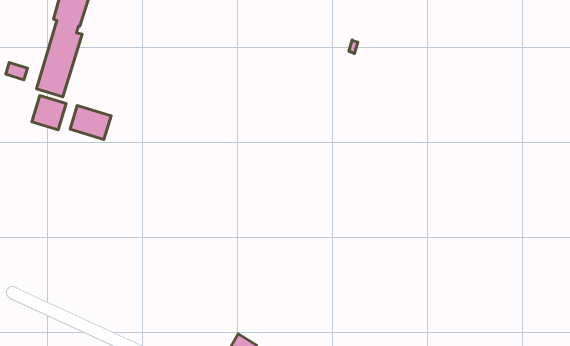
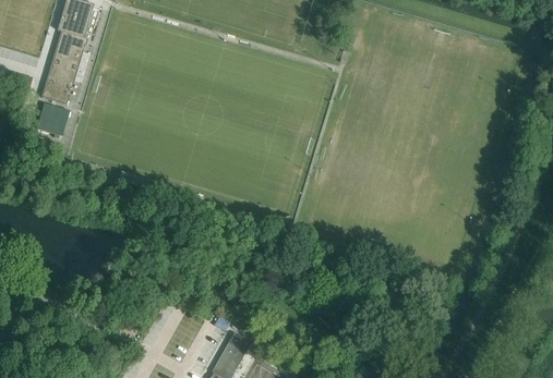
building: [70,106,111,140] -> none

